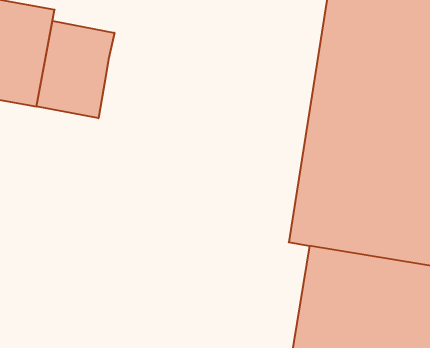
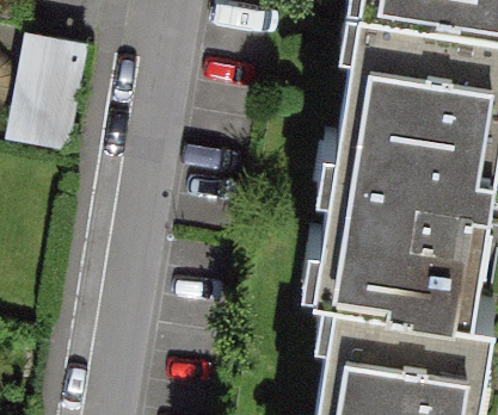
building: [36,21,114,118] -> none

